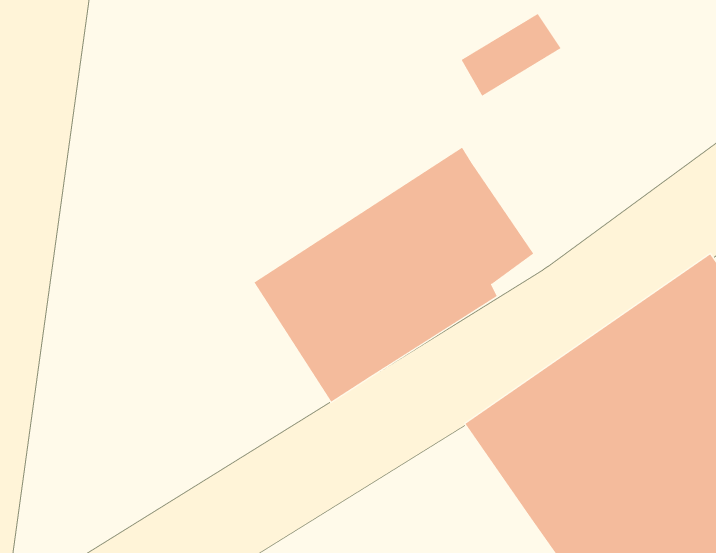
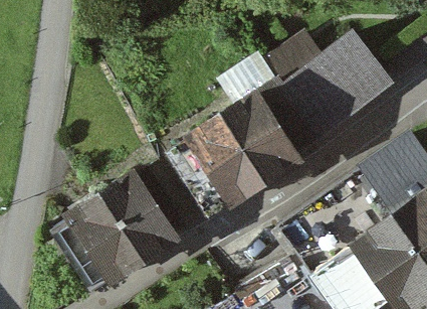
building: none -> [289,36,394,137]
building: none -> [67,176,190,279]

